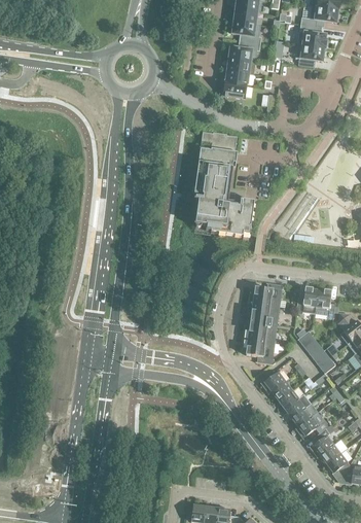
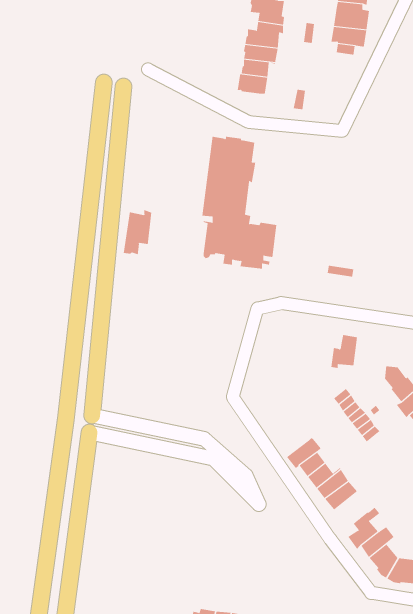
building: none -> [123,209,152,255]
building: [241,282,282,363] -> none
building: [314,289,334,318] -> none
building: [294,411,327,438] -> none

